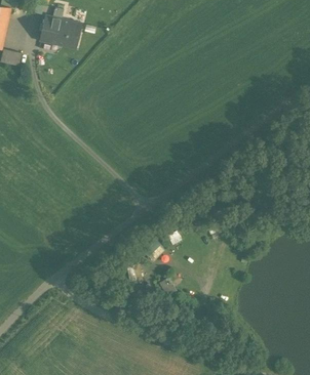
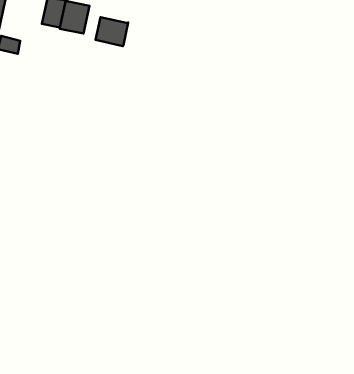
building: none -> [96,17,128,46]

